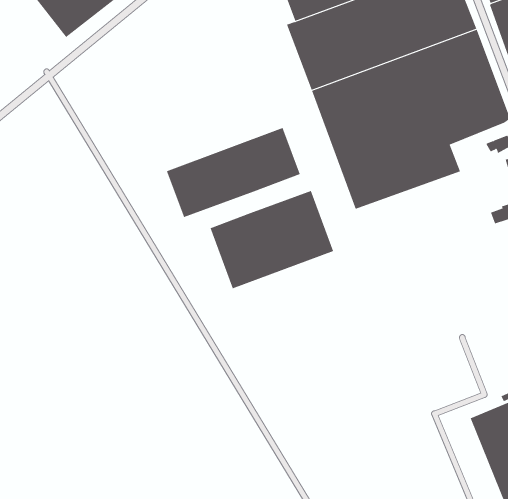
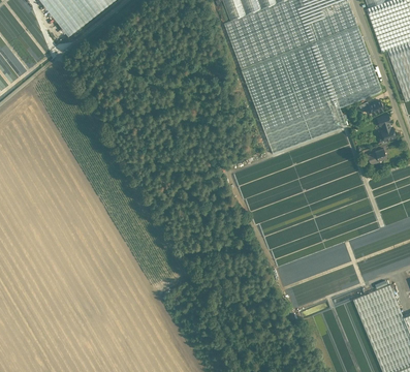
building: [166,127,300,218] -> none
building: [210,190,334,289] -> none

